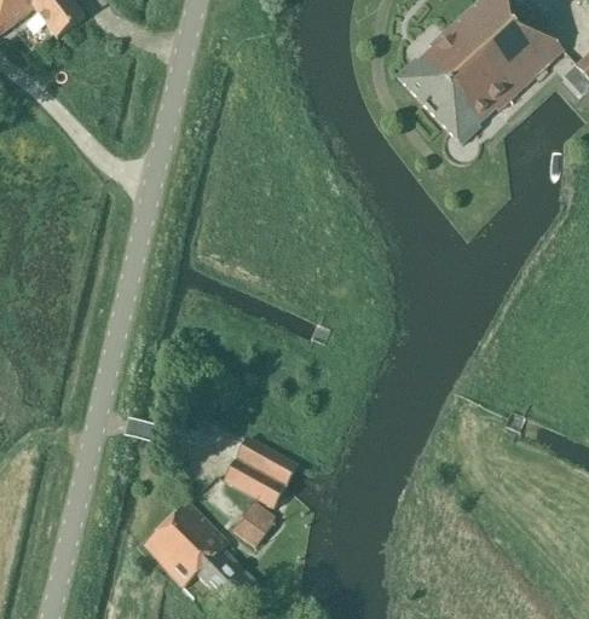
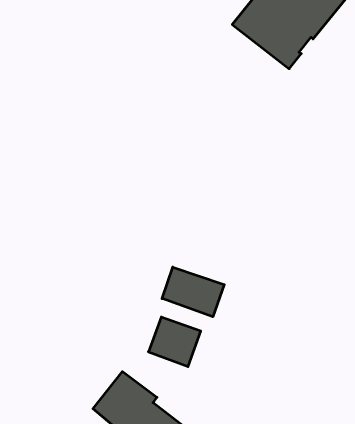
building: none -> [162,267,224,317]
building: [231,499,275,549] -> none

